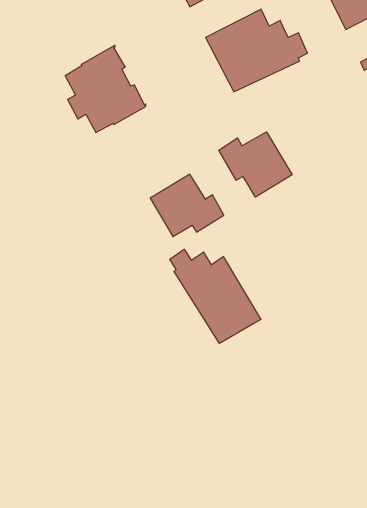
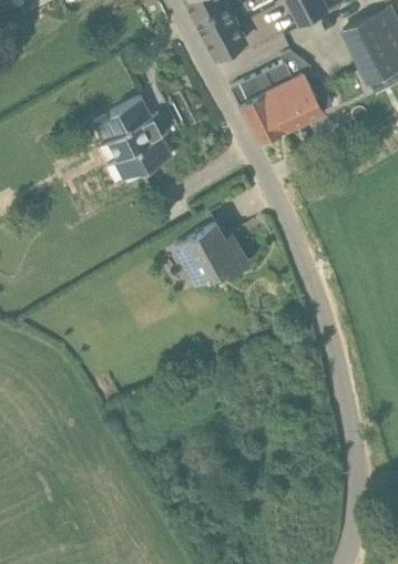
building: [219,132,292,197] -> none
building: [170,249,261,343] -> none

